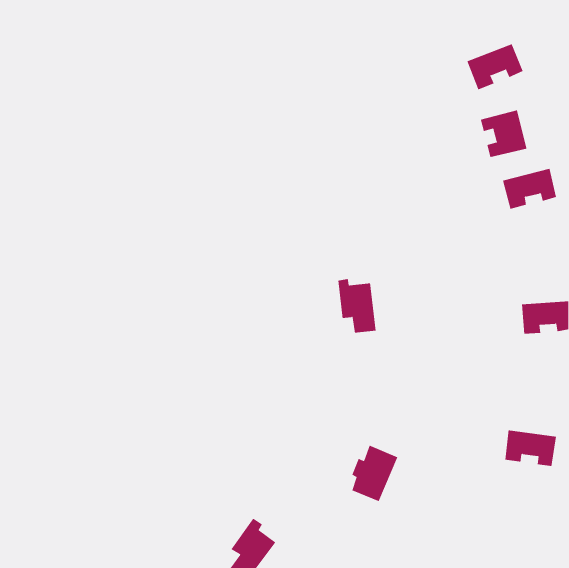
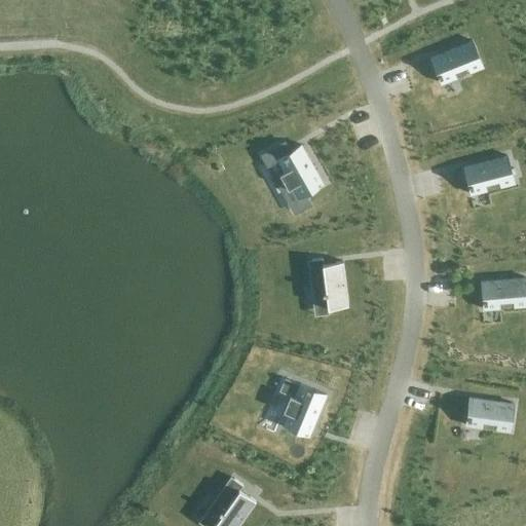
building: [480,109,527,158] -> none
building: none -> [276,145,323,197]
building: [351,445,398,502] -> [283,383,326,436]

